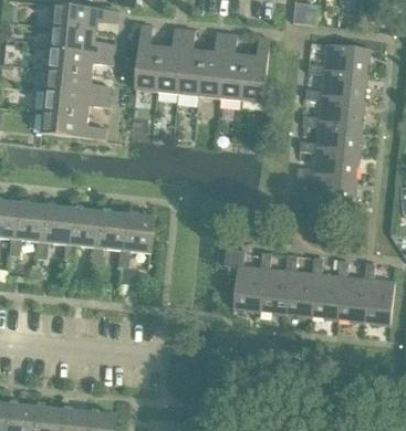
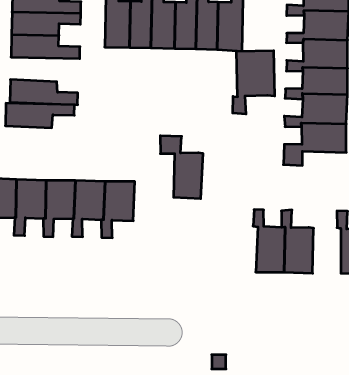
building: [43,90,110,116] -> [5,103,75,128]
building: none -> [233,51,275,114]
building: [223,248,263,309] -> [160,136,203,199]
building: [311,256,341,317] -> none

